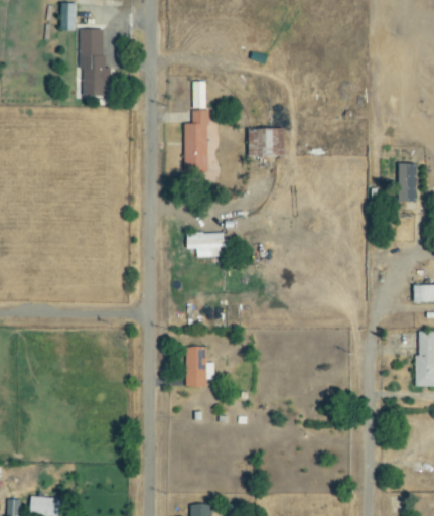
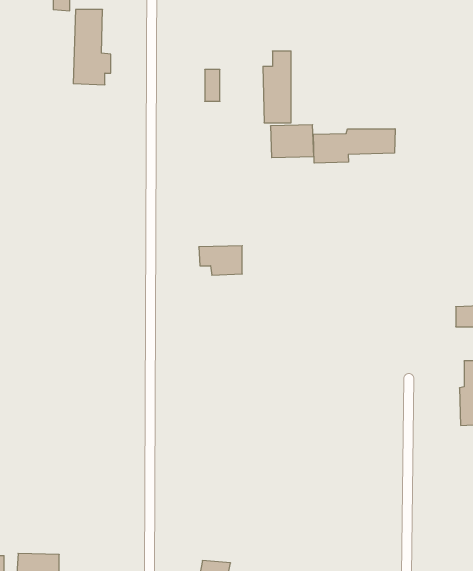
building: [184,111,208,172] -> [263,51,291,123]
building: none -> [314,129,395,163]
building: [399,164,418,203] -> none
building: [185,348,214,388] -> none

